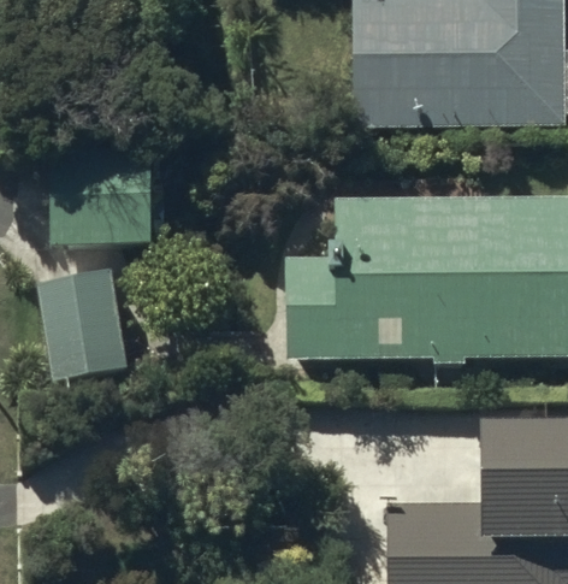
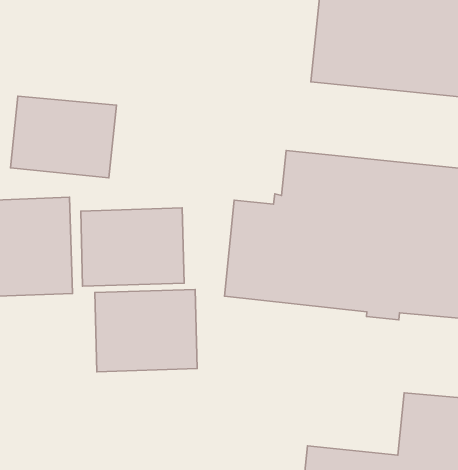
building: none -> [81,208,184,286]
building: none -> [95,289,197,372]

